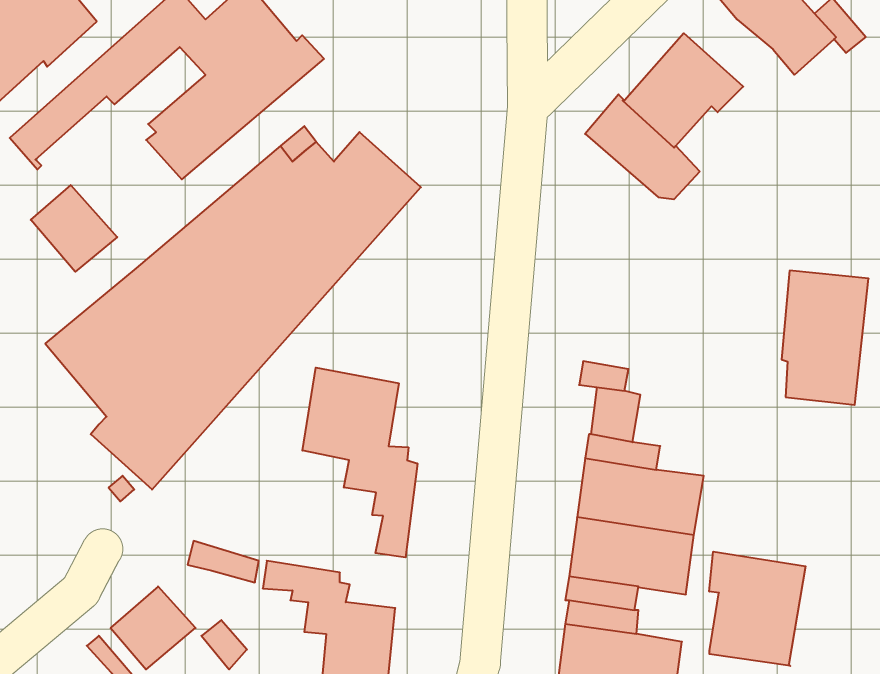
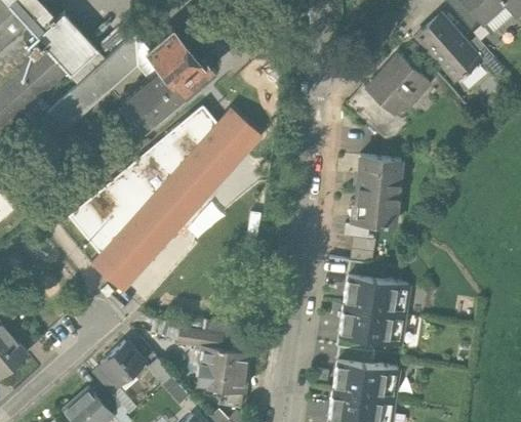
building: [31,185,117,272] -> none
building: [782,271,869,405] -> [357,158,402,227]
building: [302,368,417,557] -> none
building: [709,552,806,666] -> none

